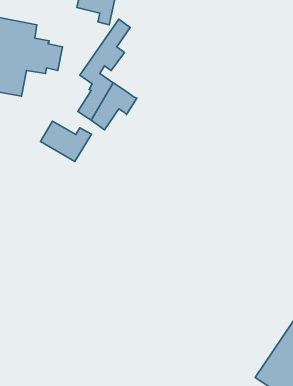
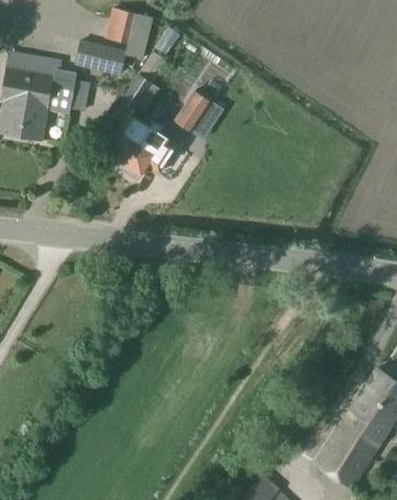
building: none -> [76,38,130,76]
building: none -> [176,89,213,132]
building: [41,121,91,162] -> none

